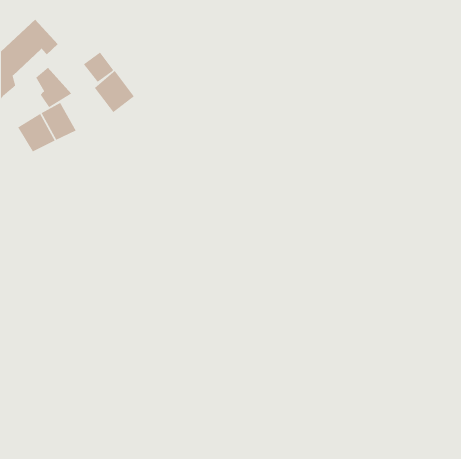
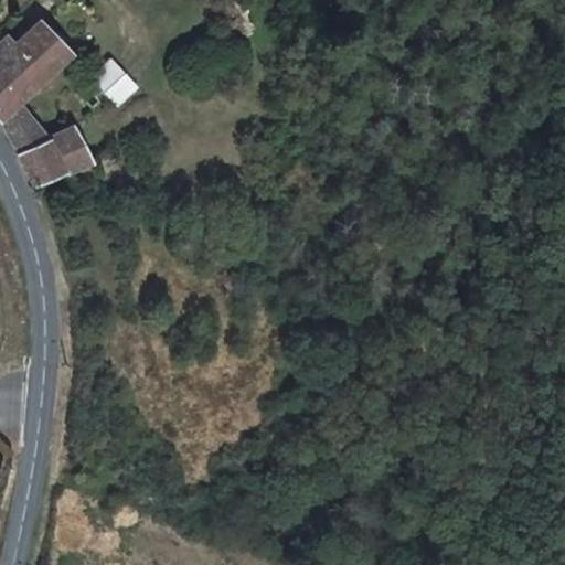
building: [35,67,72,108] -> [4,105,50,156]
building: [94,70,135,113] -> none

